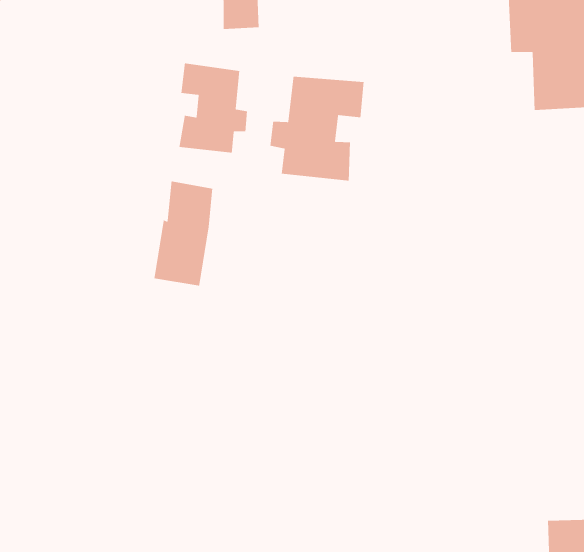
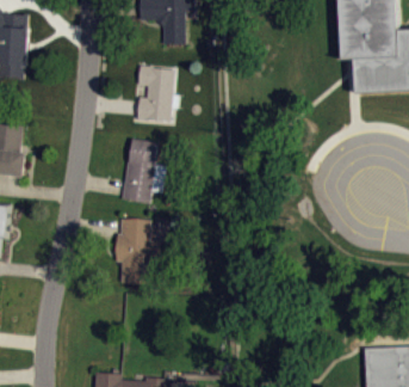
building: [269,76,364,182] -> none
building: none -> [116,219,160,283]

